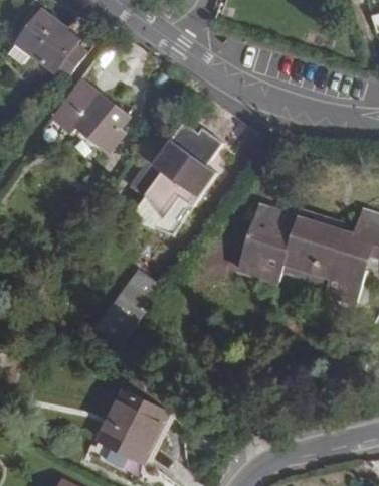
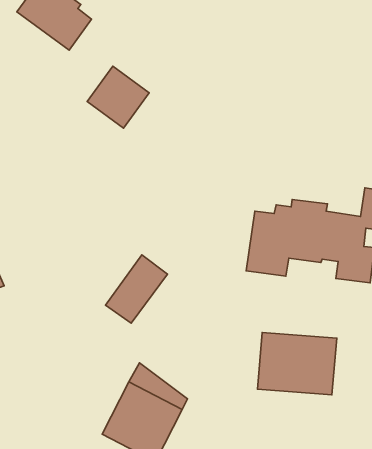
building: [55,74,108,132] -> none
building: [128,125,220,236] -> none
building: none -> [257,333,337,395]

